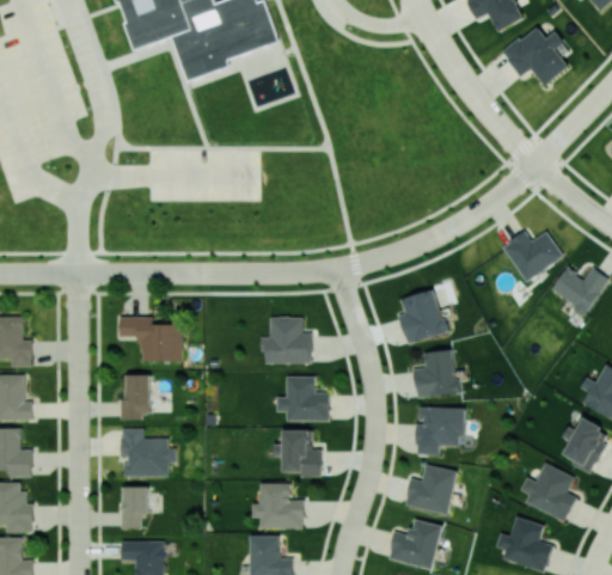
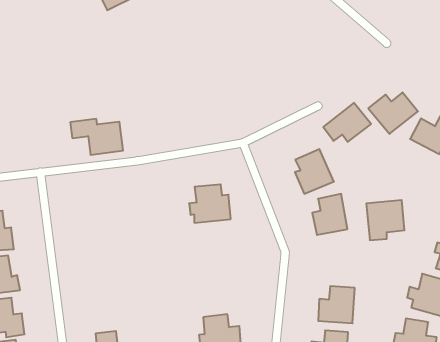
building: none -> [323,103,371,142]
building: [120,317,182,361] -> [70,119,123,155]
building: [121,374,151,417] -> none
building: [276,377,330,421] -> none
building: [417,406,464,454] -> [366,200,405,240]
building: [121,428,176,476] -> none
building: [275,430,322,477] -> none

